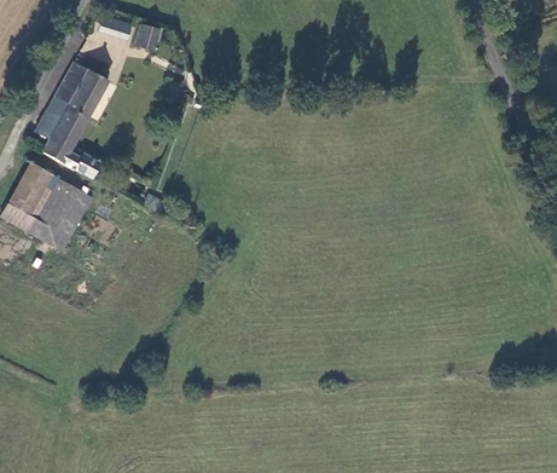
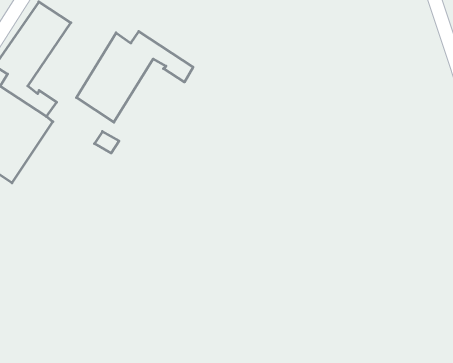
building: none -> [76,31,193,122]

